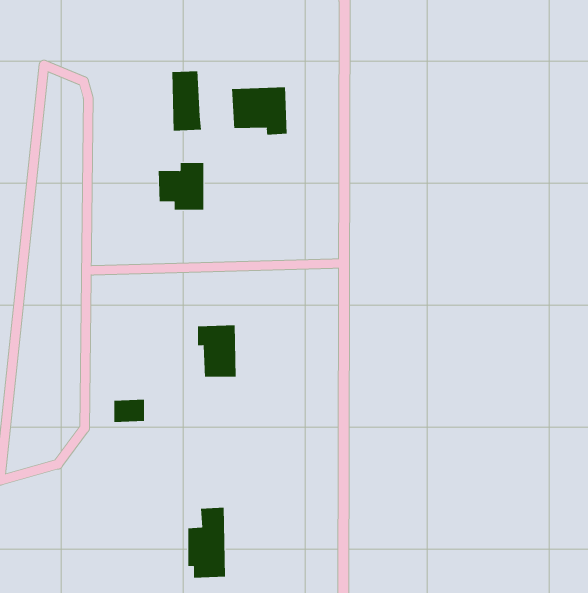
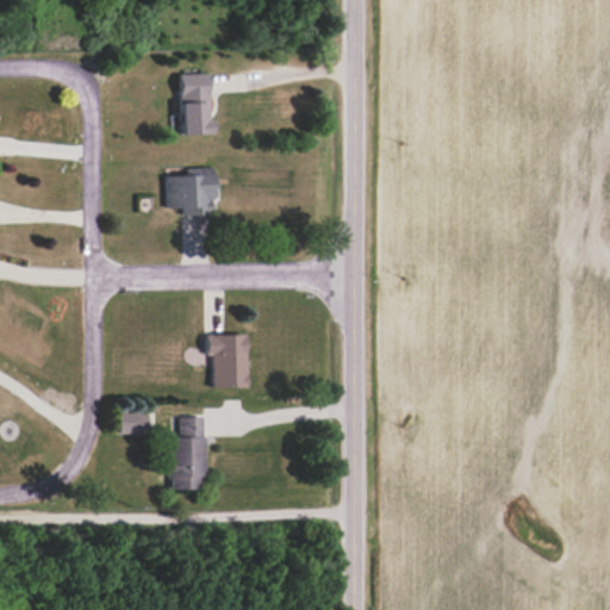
building: [232,86,287,135] -> none
building: [188,507,226,578] -> [167,416,206,488]

